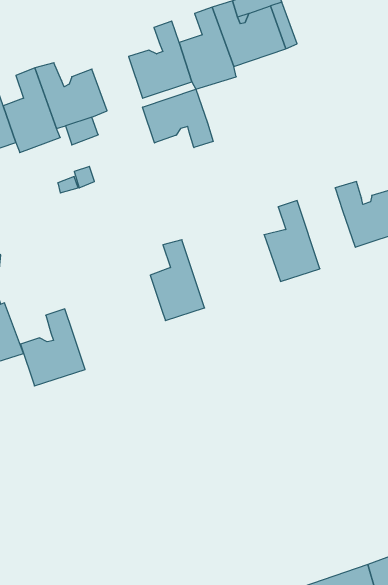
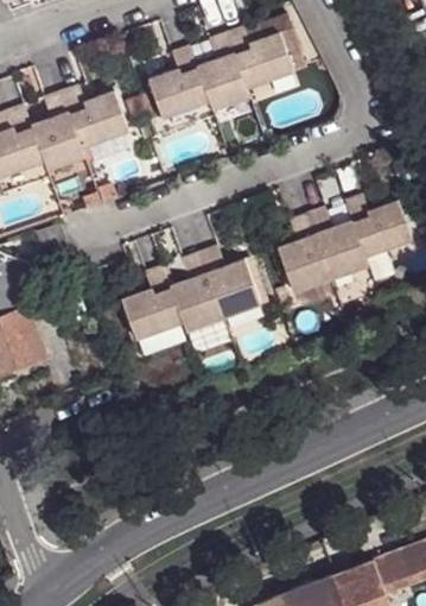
building: [143,89,213,148] -> none
building: none -> [306,213,363,283]
building: none -> [198,250,257,320]
building: [20,309,85,386] -> [120,267,180,340]

